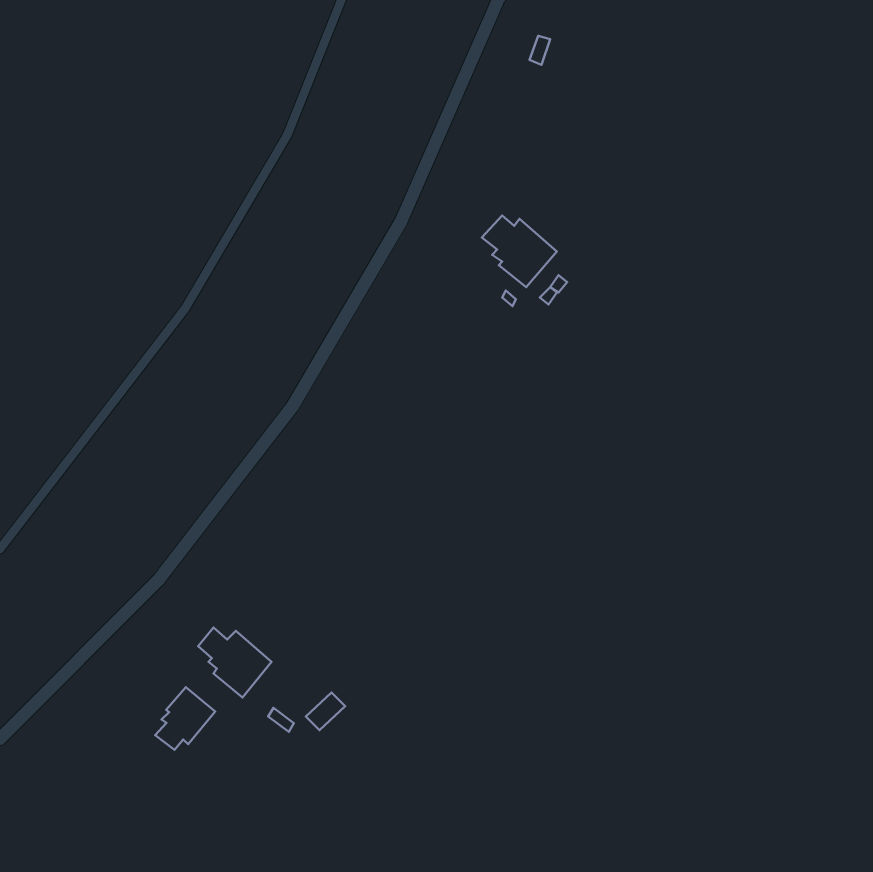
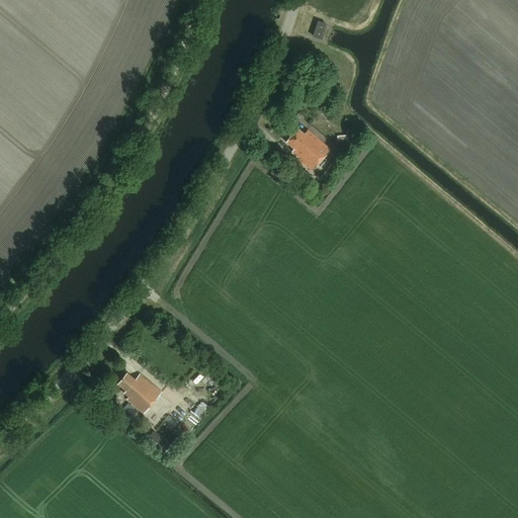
building: [155,687,215,750] -> none

